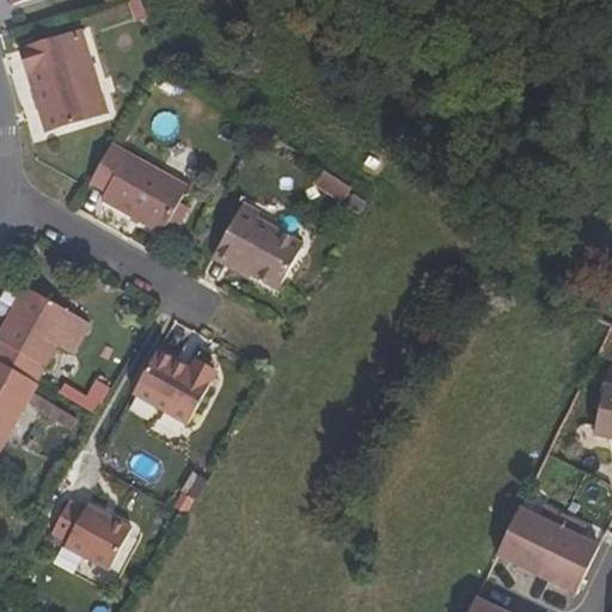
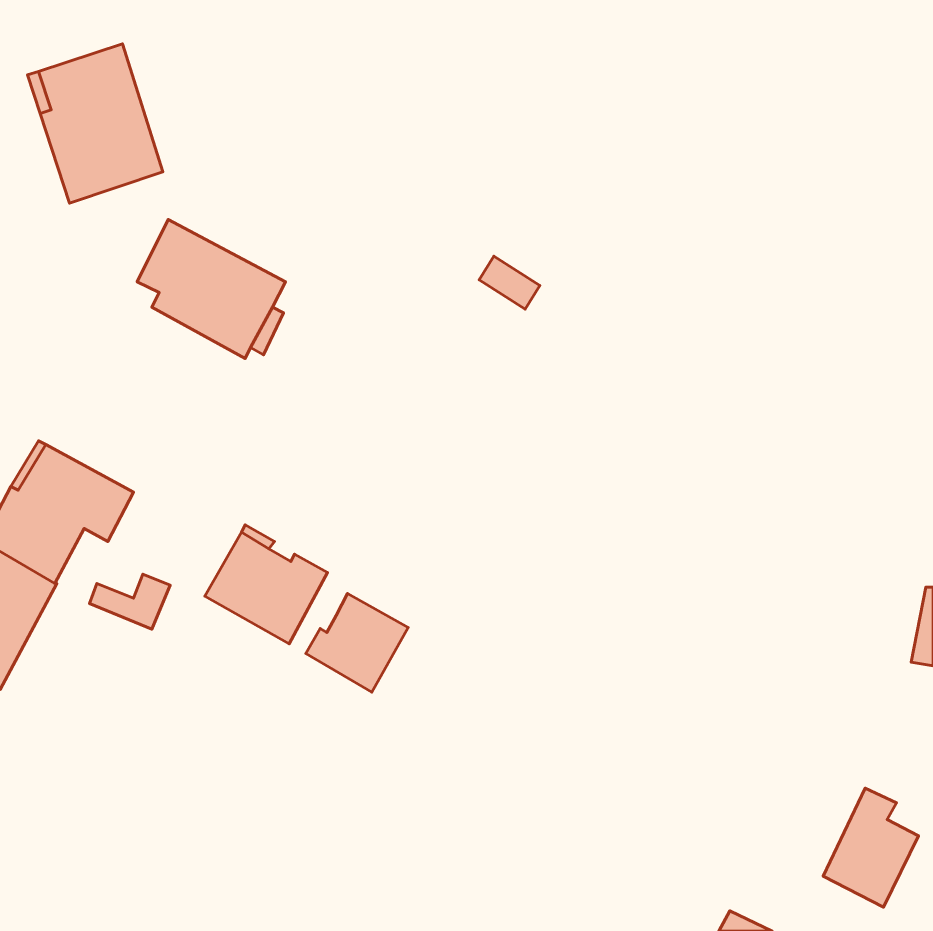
building: [210,201,302,289] -> none
building: none -> [306,594,408,692]
building: [50,498,131,570] -> none
building: [498,506,565,573] -> none

